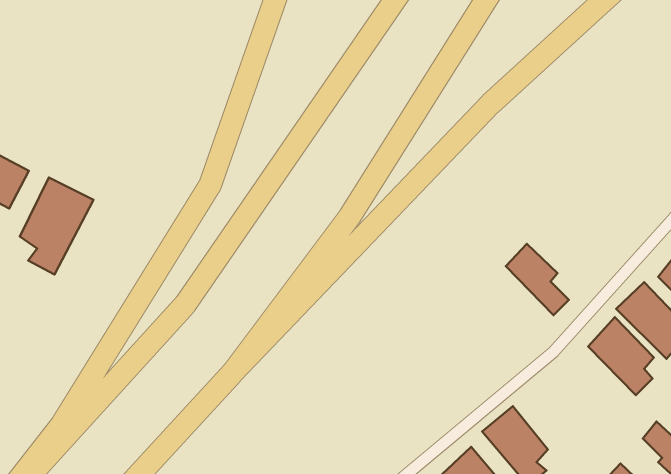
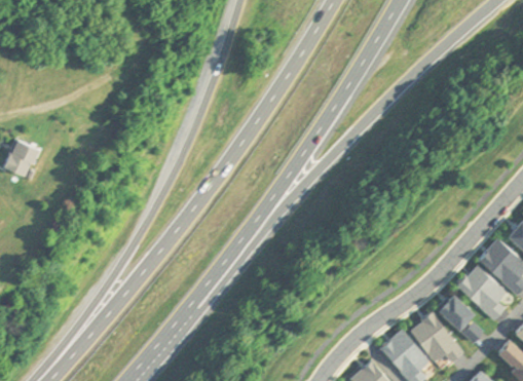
building: [20,177,93,274] -> none
building: [506,244,569,315] -> [437,291,483,343]
building: none -> [410,312,461,363]

